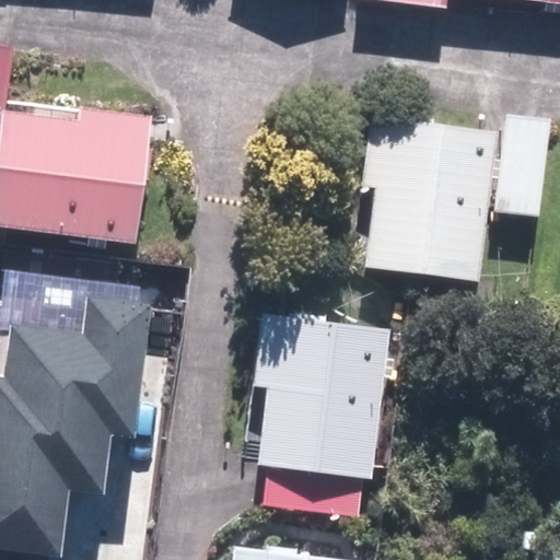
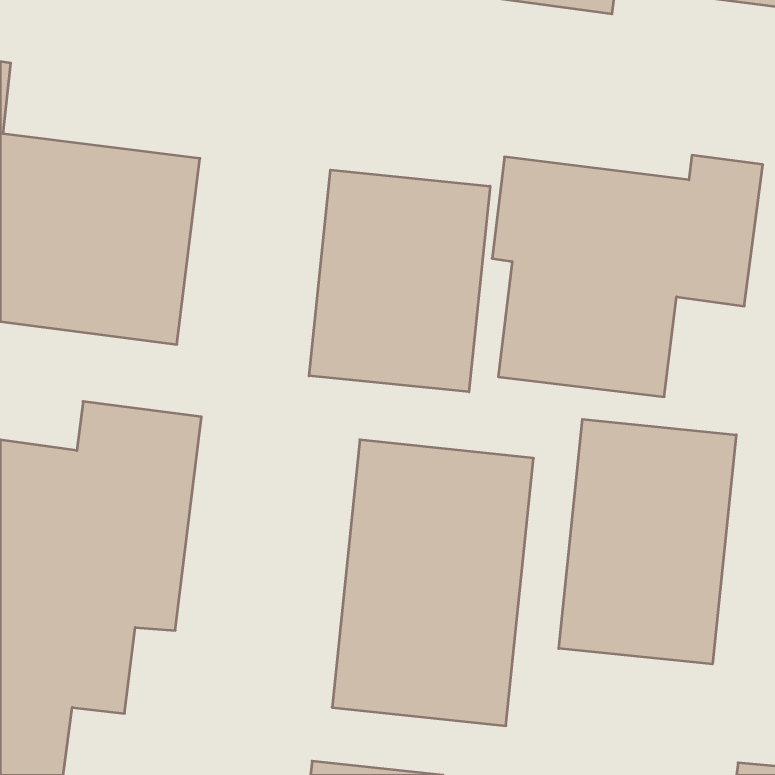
building: none -> [309,170,490,392]
building: none -> [559,419,736,664]

